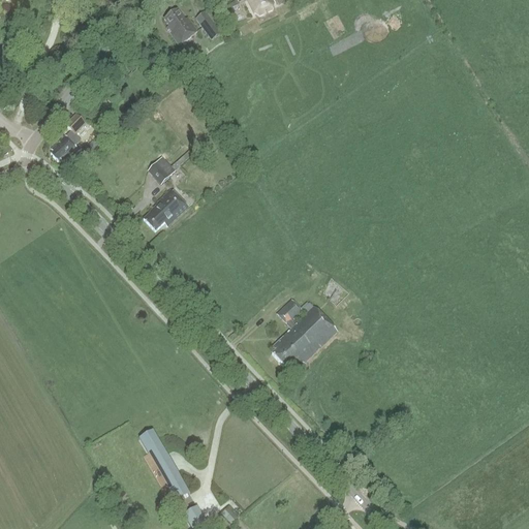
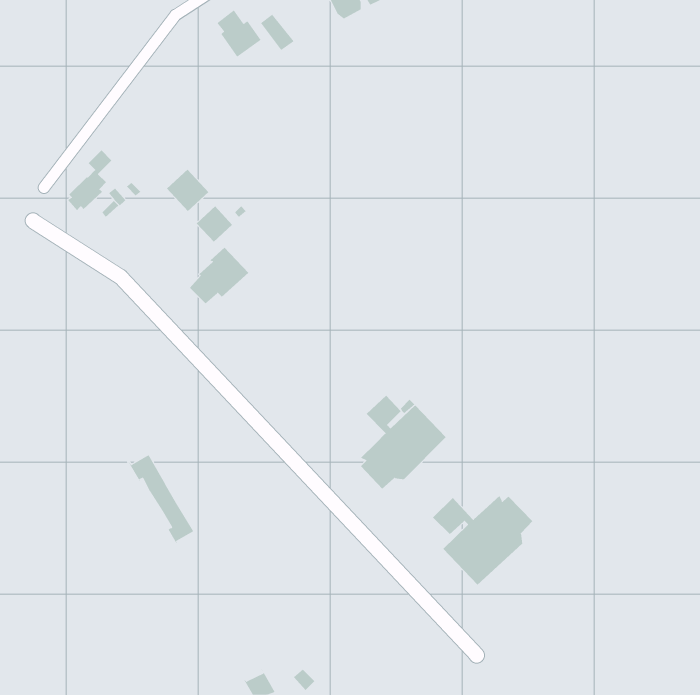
building: none -> [166,169,209,212]
building: none -> [432,495,533,585]
building: [138,428,190,499] -> [128,451,196,545]

